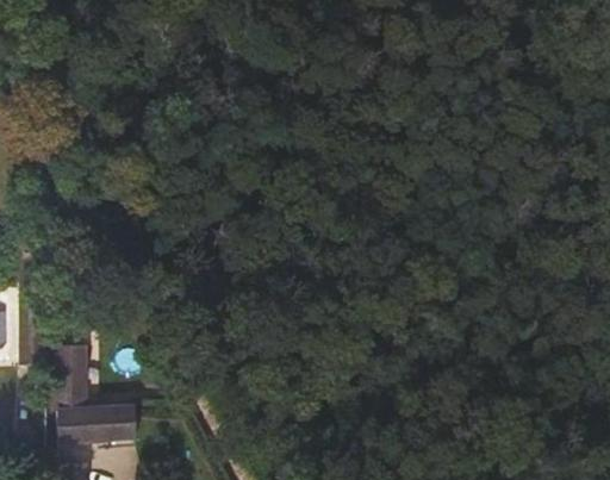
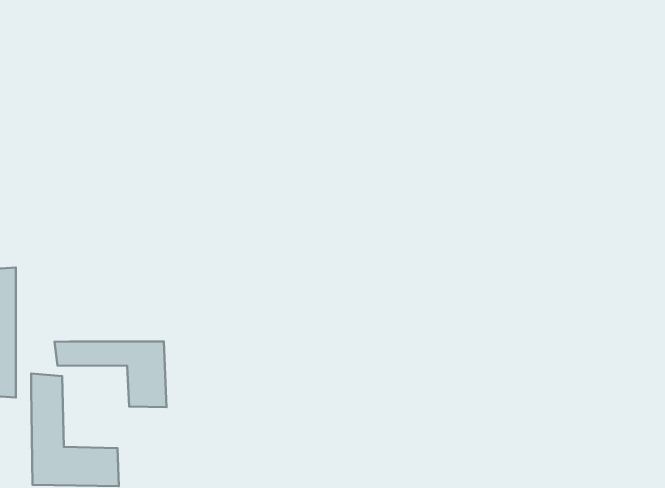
building: none -> [54,342,167,407]

